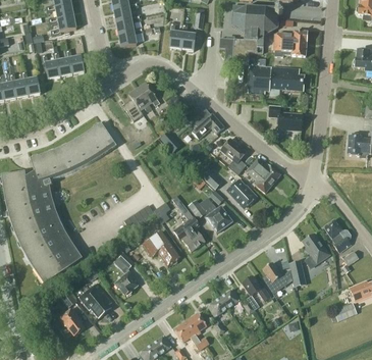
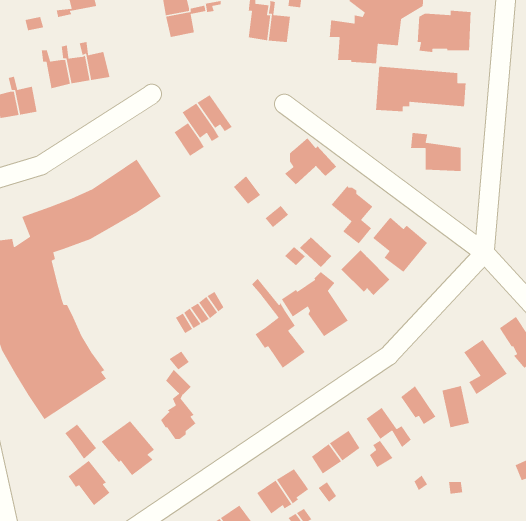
building: [143,235,181,266] -> none

